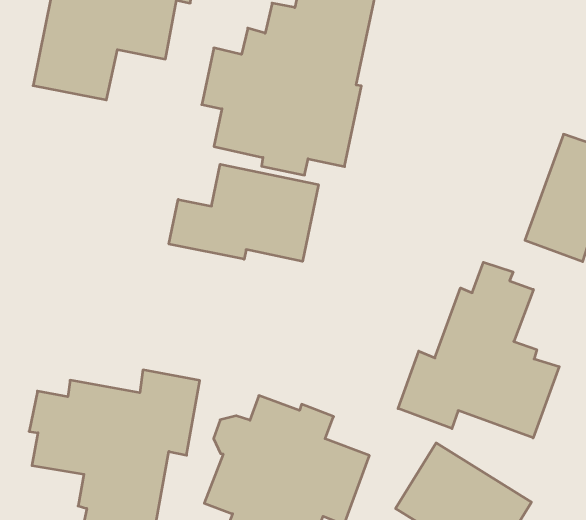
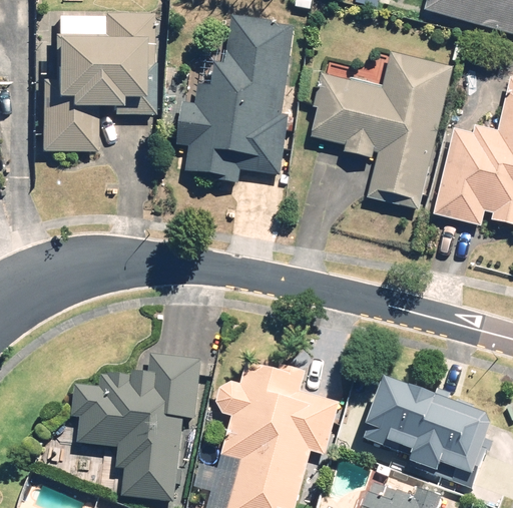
building: none -> [311,52,451,200]
building: [169,164,318,261] -> none
building: [398,262,559,438] -> none

